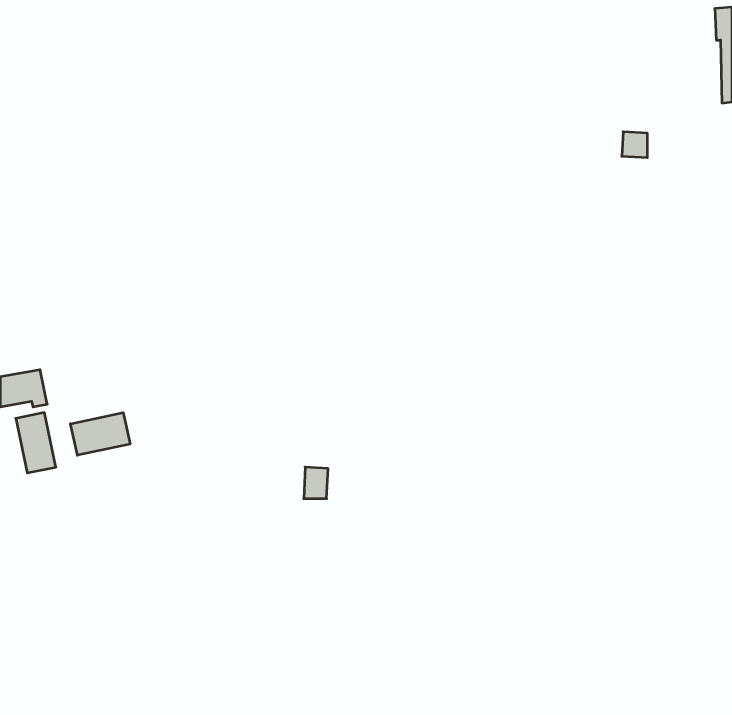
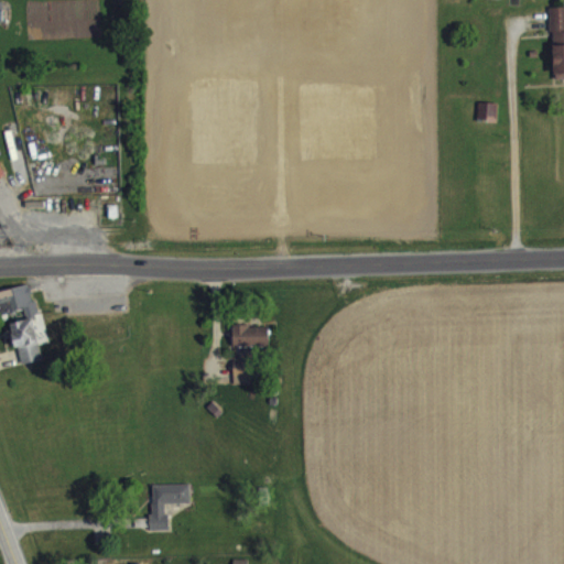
building: [70,413,130,455] -> none
building: none -> [234,325,270,346]
building: none -> [130,484,191,529]

